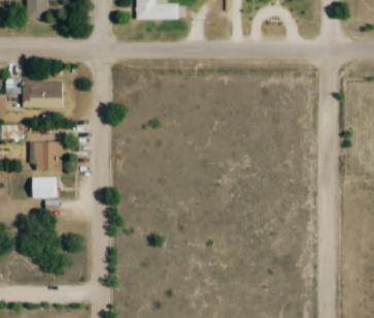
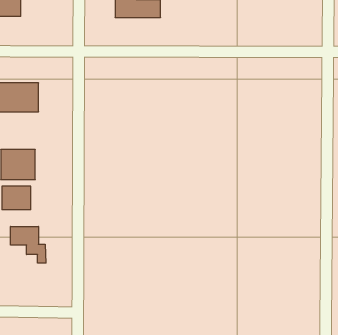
building: none -> [11,226,46,263]

